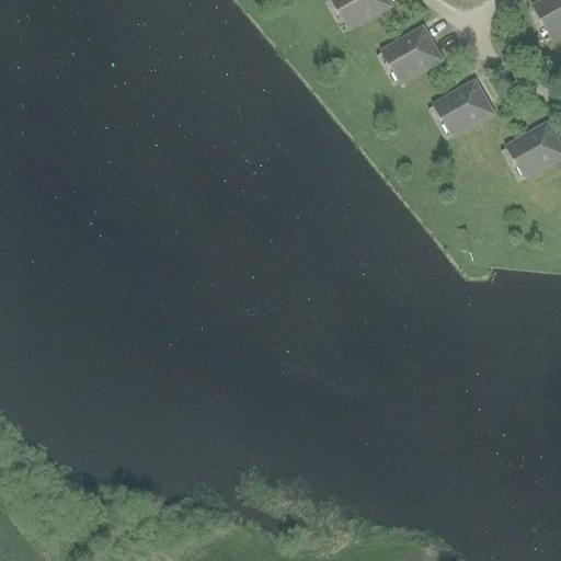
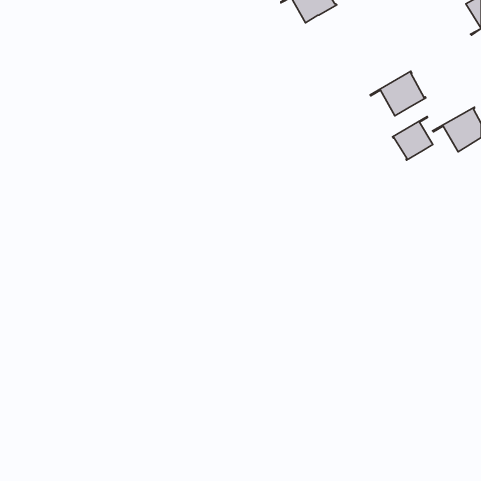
building: [376,28,440,80] -> none
building: none -> [393,117,433,160]

